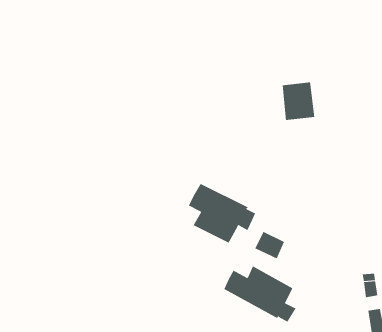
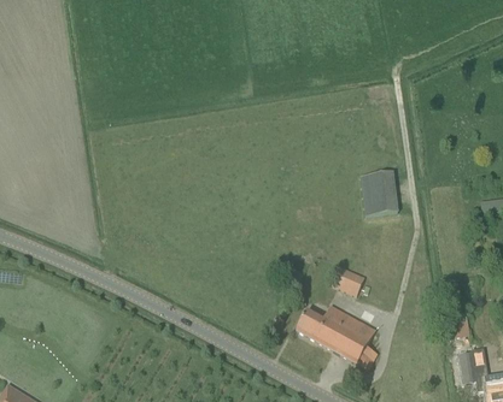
building: [282,82,315,121] -> [362,175,399,218]
building: [188,183,256,243] -> none

